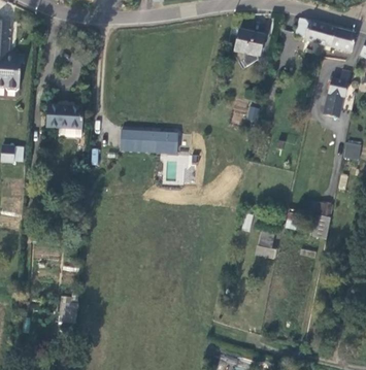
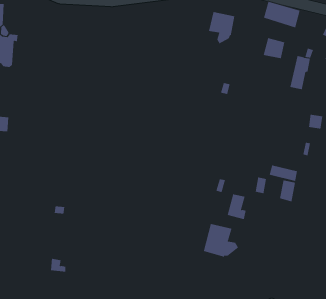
building: [331,28,356,52] -> [263,37,285,59]
building: [46,104,82,129] -> none
building: [121,131,178,155] -> none
building: none -> [203,223,239,257]

